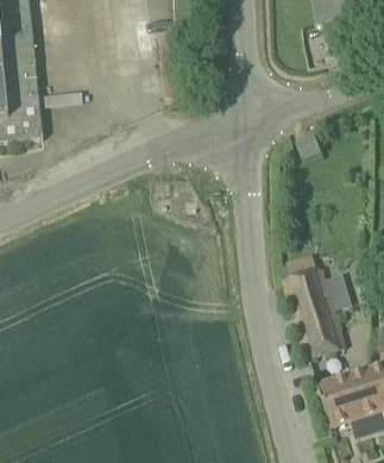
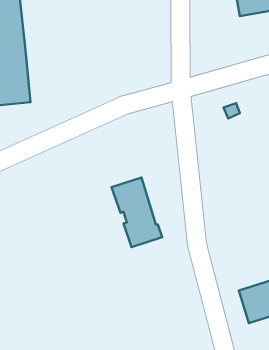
building: [282,264,348,356] -> [112,177,162,247]

